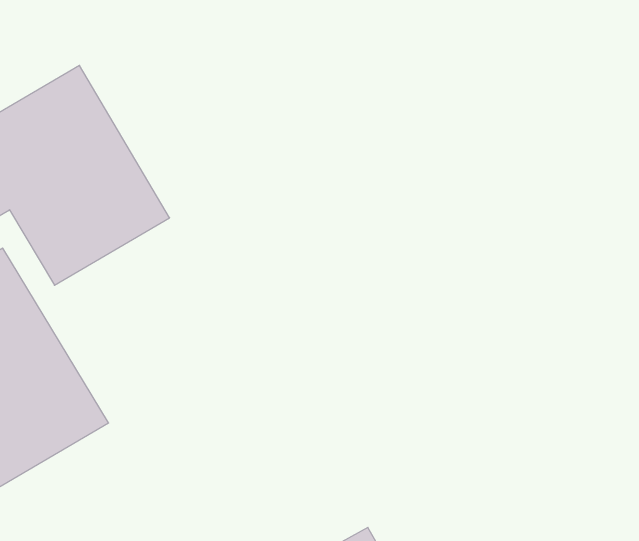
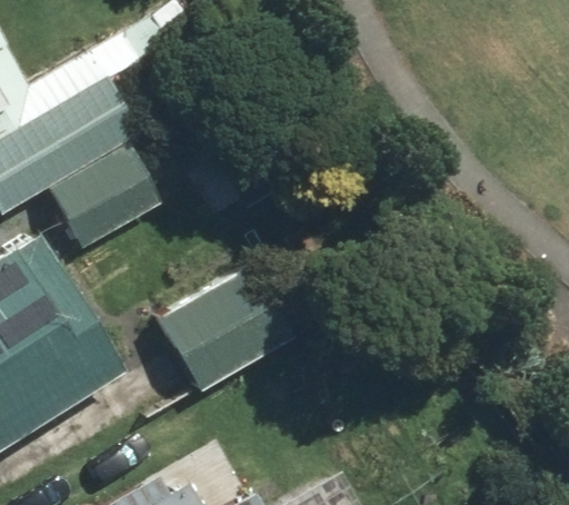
building: none -> [144,271,278,400]

